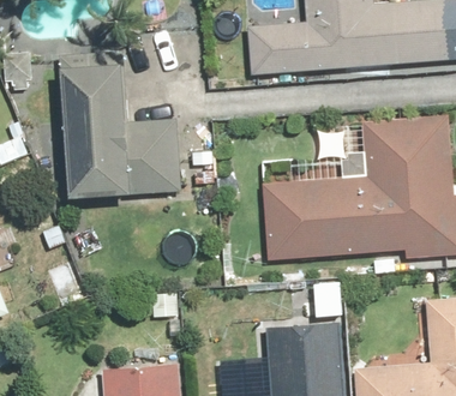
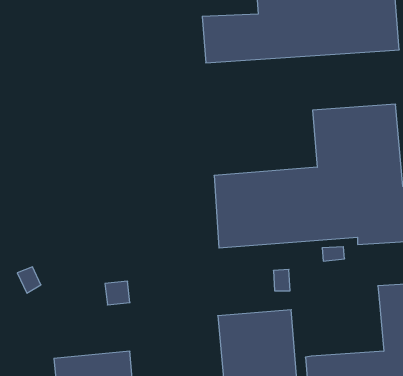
building: [58,49,180,198] -> none

